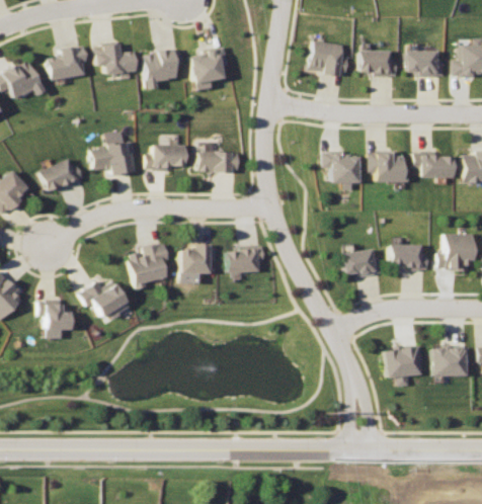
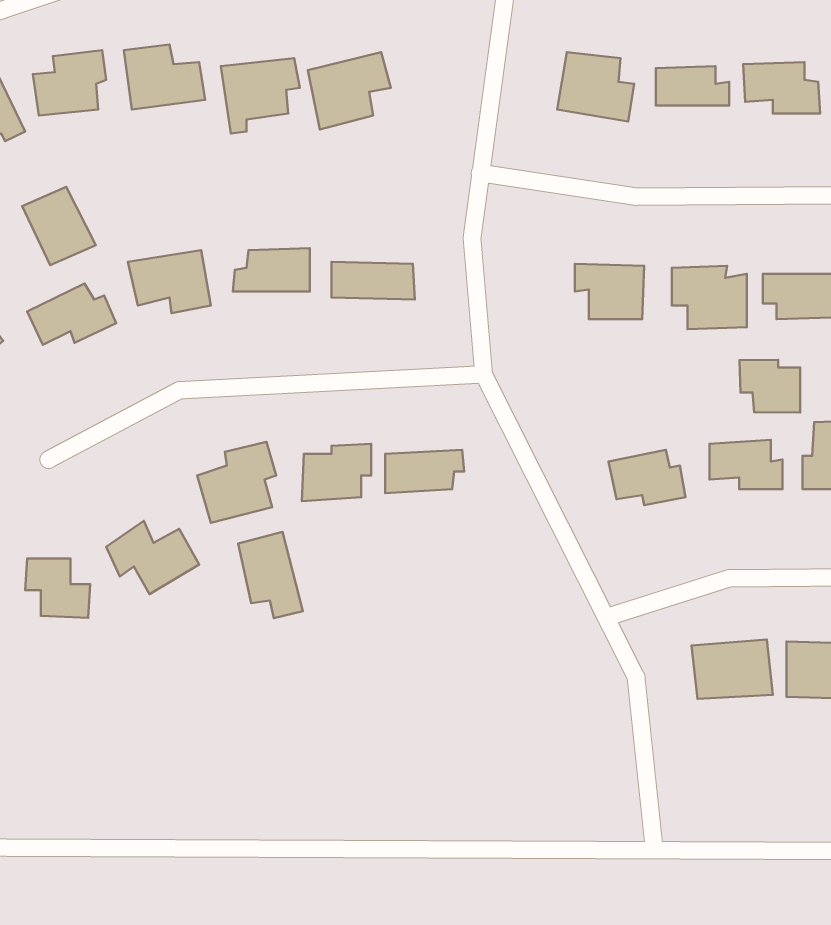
building: none -> [22,187,96,265]
building: none -> [740,360,800,412]
building: none -> [238,532,303,618]

